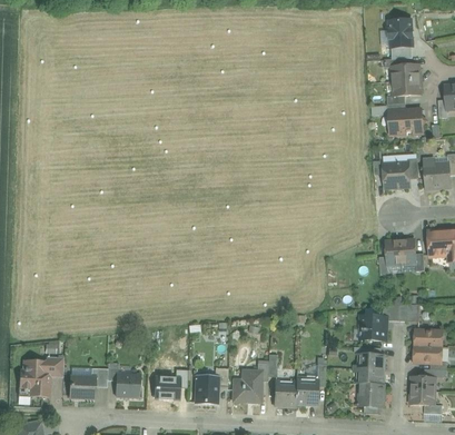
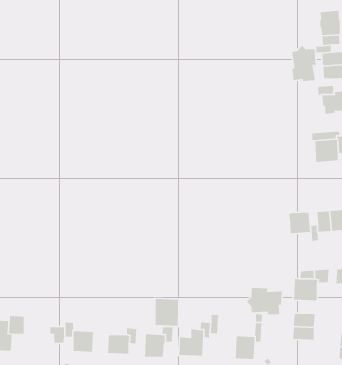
building: none -> [291,45,317,82]
building: none -> [288,212,311,234]
building: none -> [246,287,283,315]
building: none -> [155,298,179,327]
building: [69,376,95,398] -> none
building: [274,379,296,406] -> none
building: [358,383,385,406] -> none

